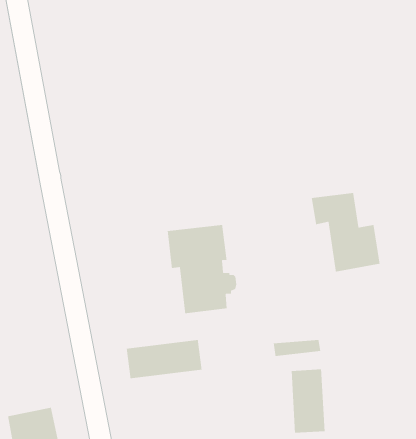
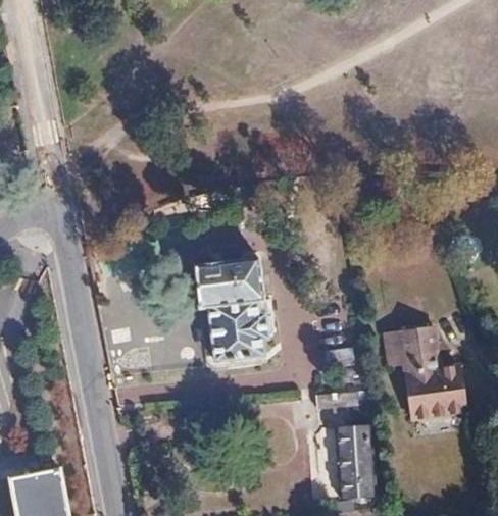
building: [311,192,381,272] -> [386,324,465,416]
building: [126,339,202,379] -> none

